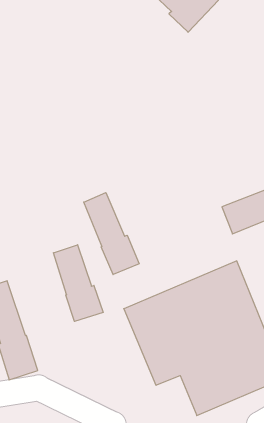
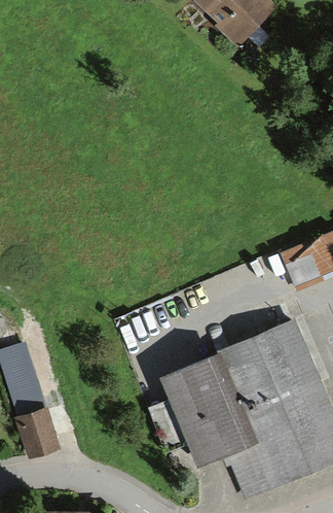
building: [84,193,139,275] -> none
building: [53,245,103,321] -> none

